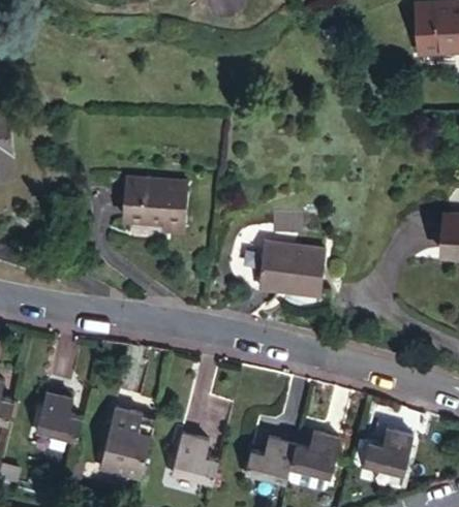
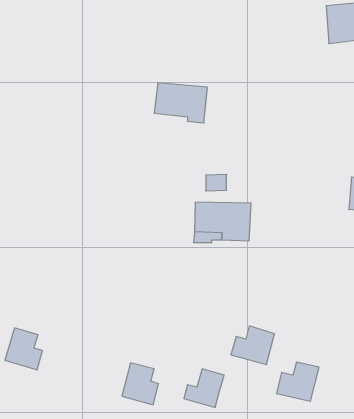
building: [122,177,185,224] -> [154,83,207,123]
building: [102,403,155,472] -> none
building: [287,435,339,480] -> [231,326,275,364]

